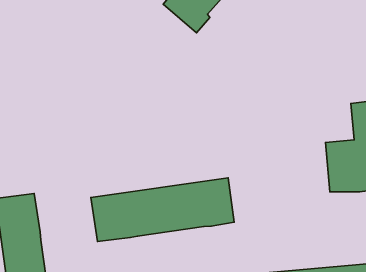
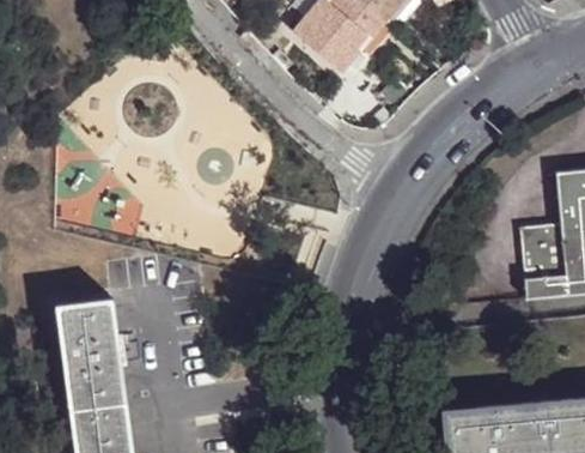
building: [91,178,234,242] -> none

